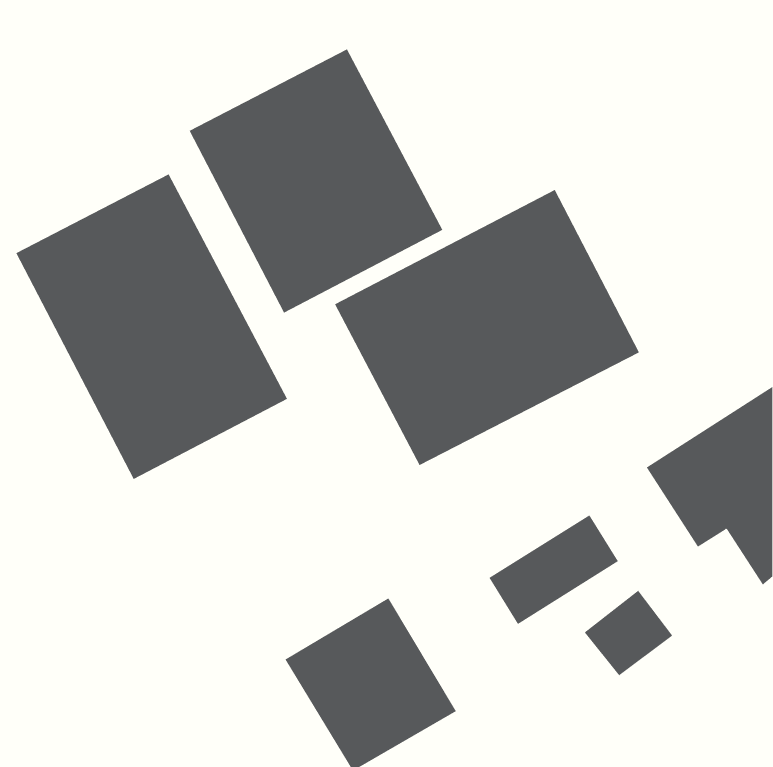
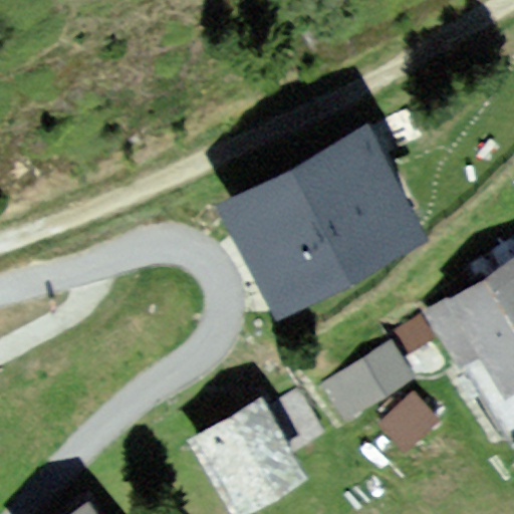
building: [189,48,443,313] -> none
building: [15,173,288,480] -> none

